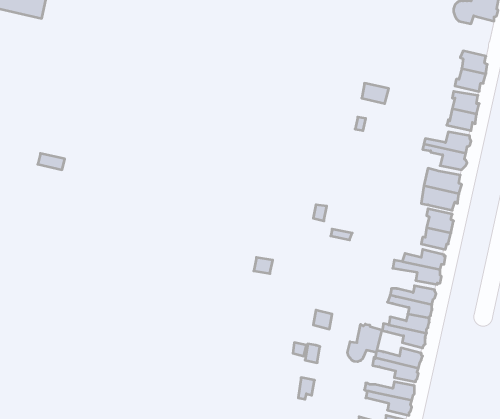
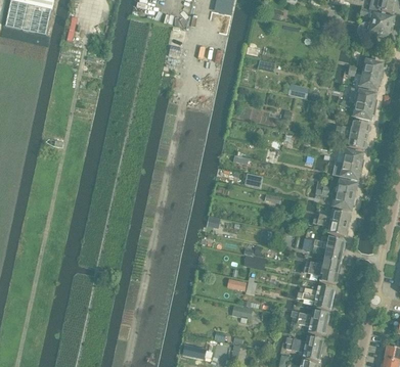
building: [347,324,382,362] -> none

